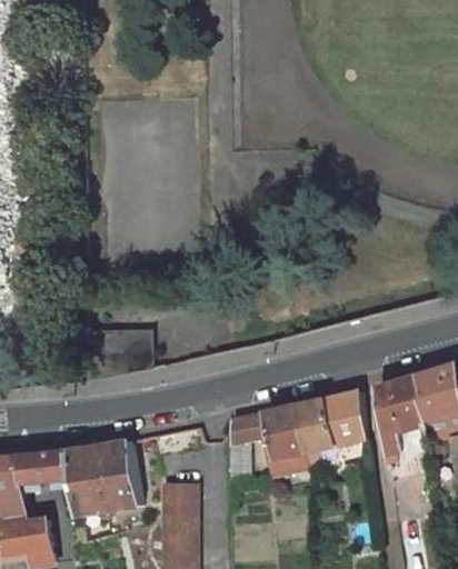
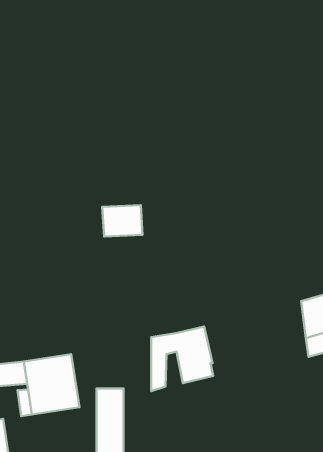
building: [108,326,158,365] -> [102,205,143,237]
building: [376,375,421,457] -> none
building: [296,390,365,451] -> none

